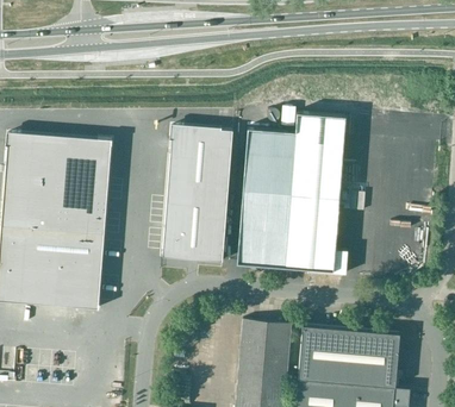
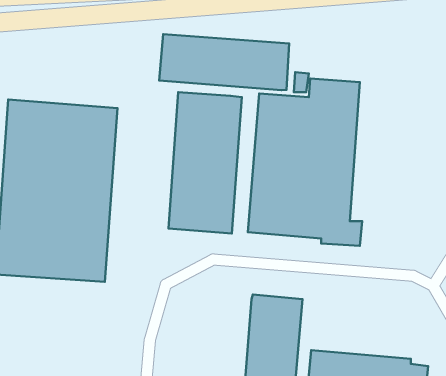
building: none -> [159,34,289,90]
building: [299,325,399,381] -> none

